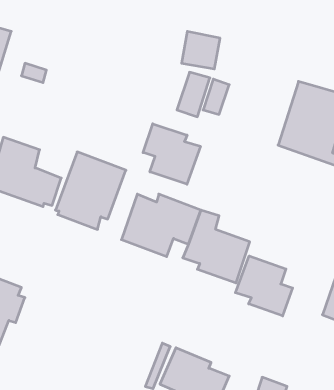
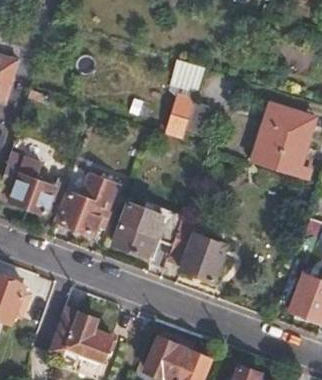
building: [143,124,200,184] -> none
building: [235,256,293,316] -> none
building: none -> [51,307,115,361]

